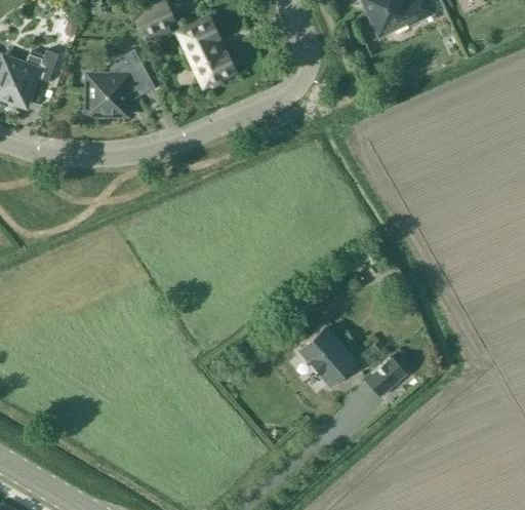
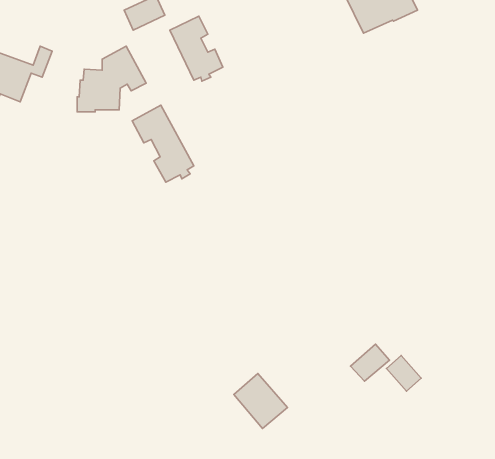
building: none -> [132,105,194,182]
building: [301,328,357,385] -> [234,374,288,428]
building: none -> [387,355,421,391]

